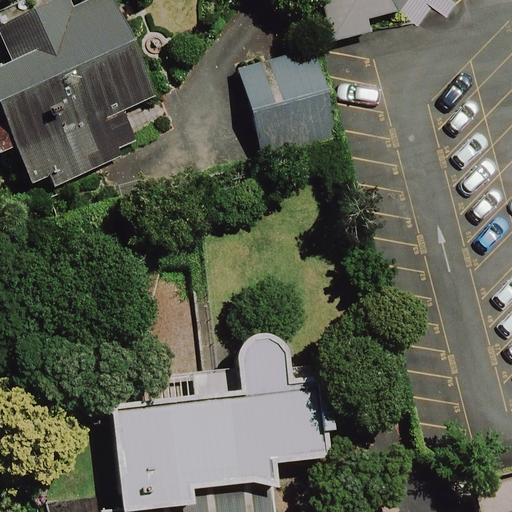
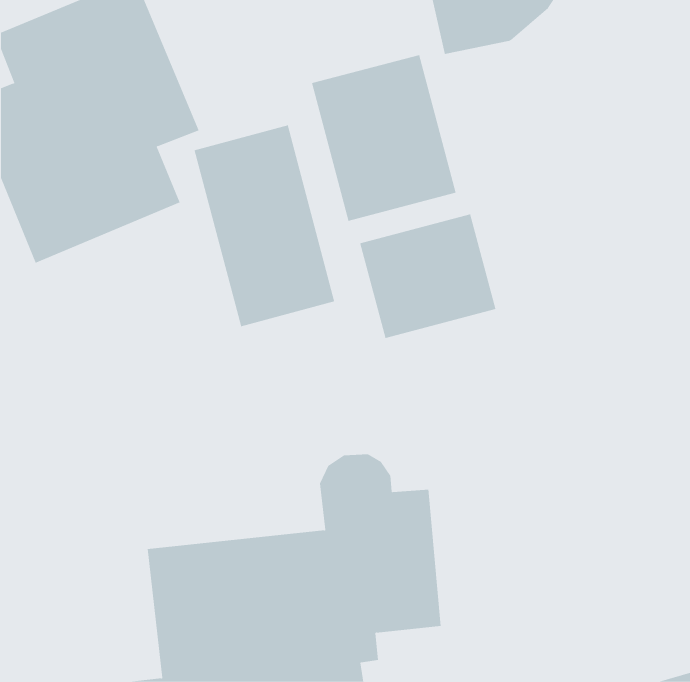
building: none -> [194,125,335,327]
building: none -> [360,214,496,339]

